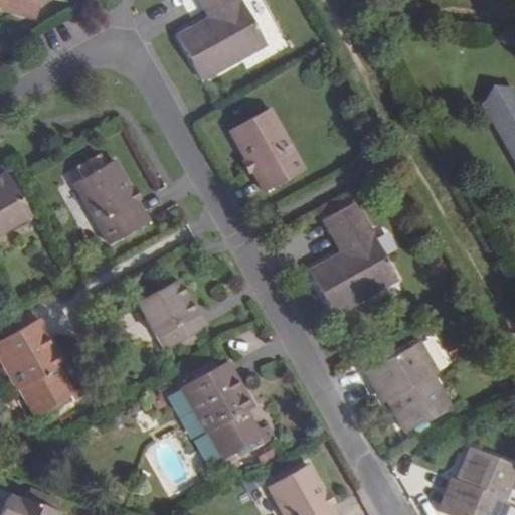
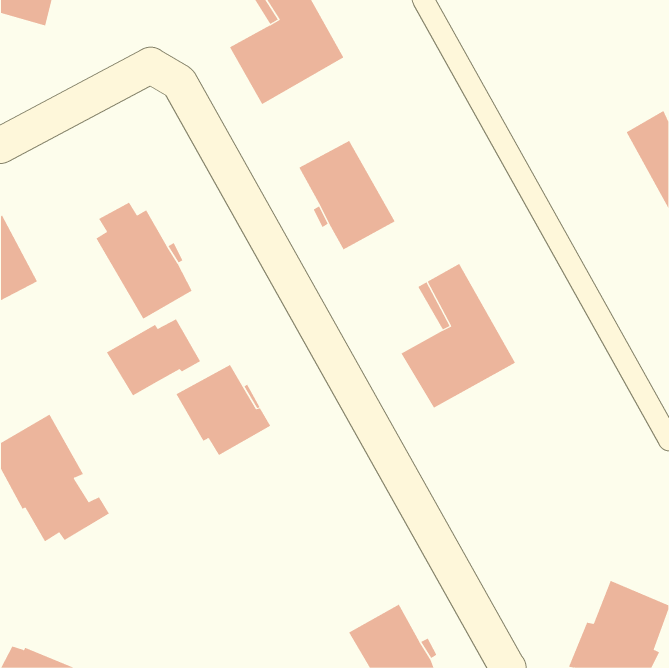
building: none -> [106,318,201,396]
building: [365,342,449,433] -> none
building: [180,362,274,459] -> none

